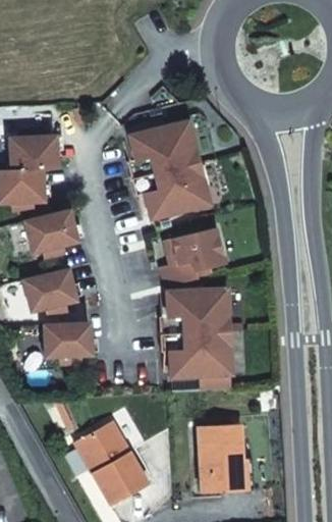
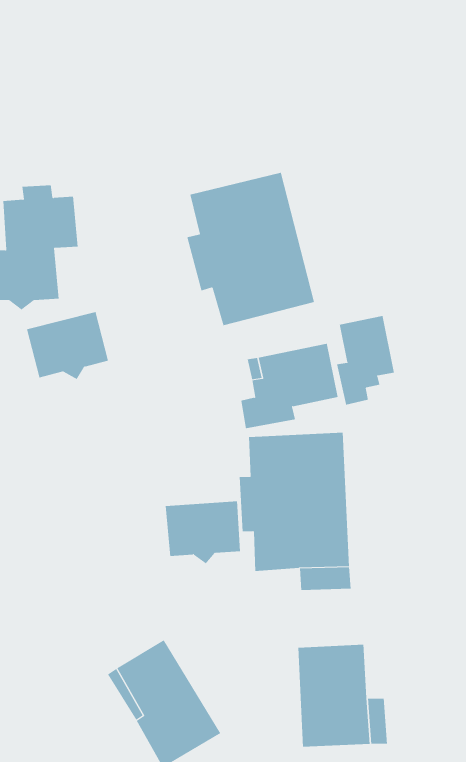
building: none -> [337,315,395,406]
building: [23,269,76,313] -> none
building: [44,322,93,363] -> [165,501,241,564]

